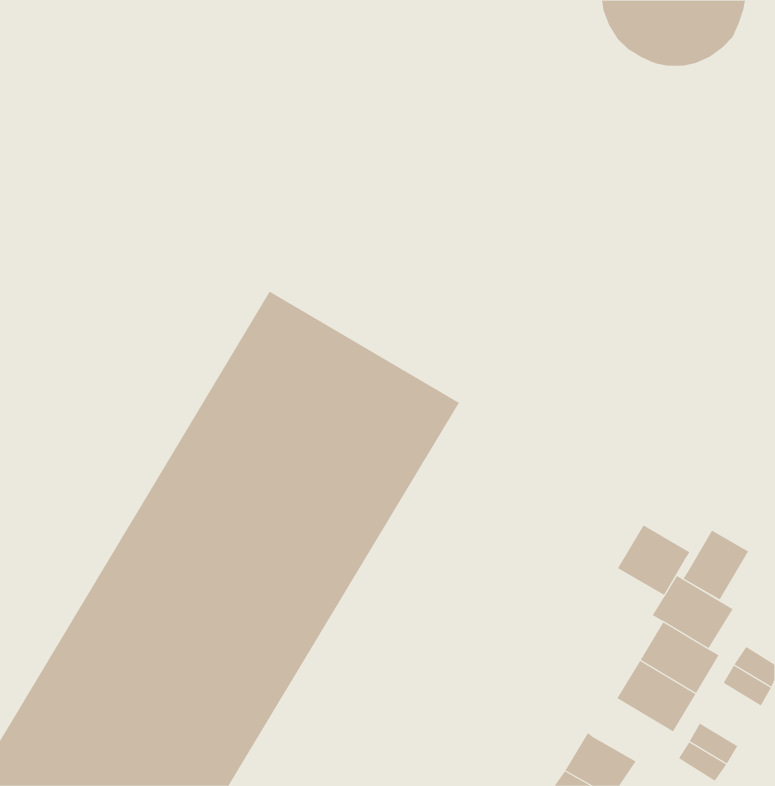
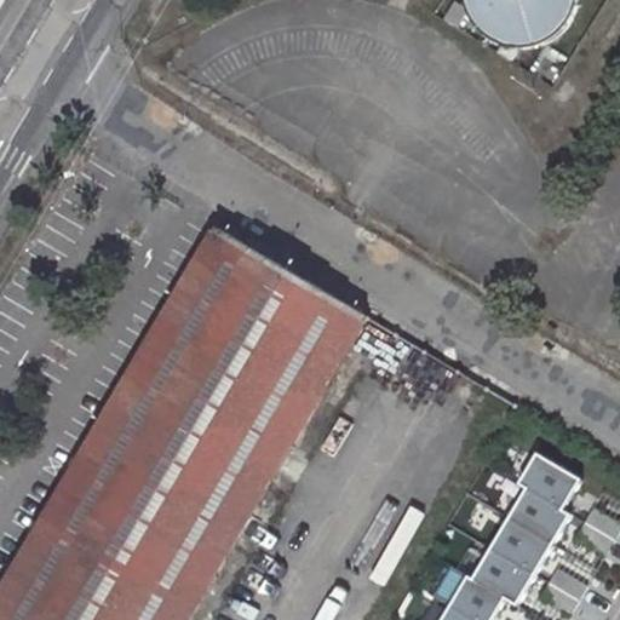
building: [617,524,690,596] -> none
building: [683,530,749,600] -> none
building: none -> [467,550,530,607]

